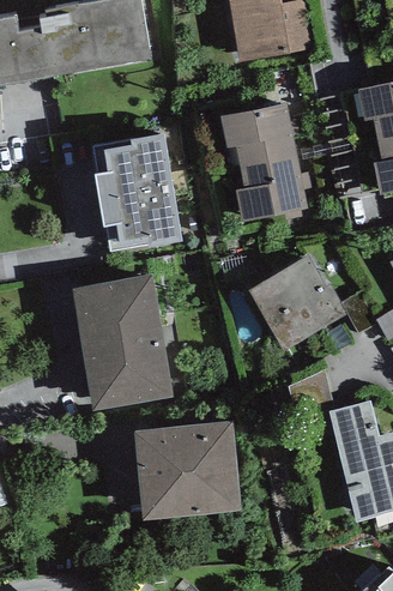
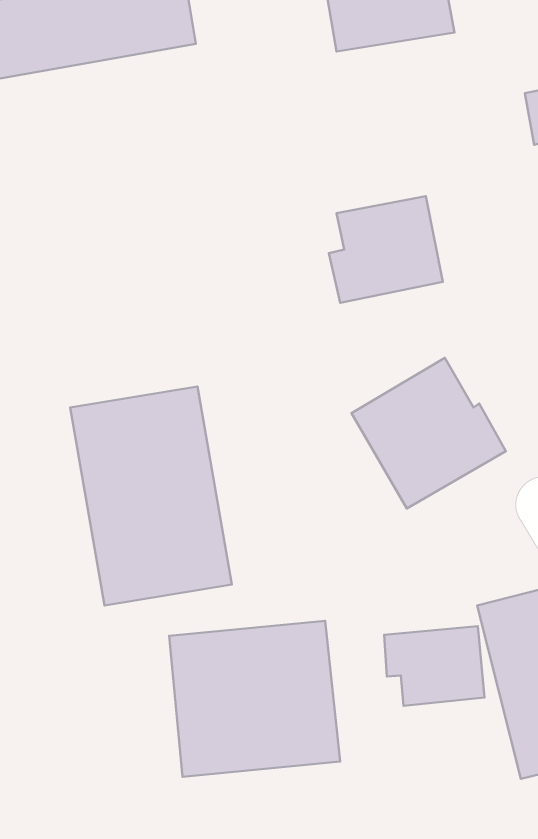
building: [219,102,295,164] -> none
building: [92,132,181,249] -> none
building: none -> [384,626,485,706]

